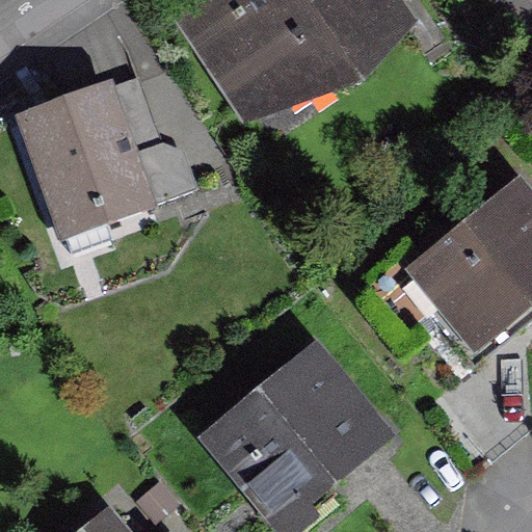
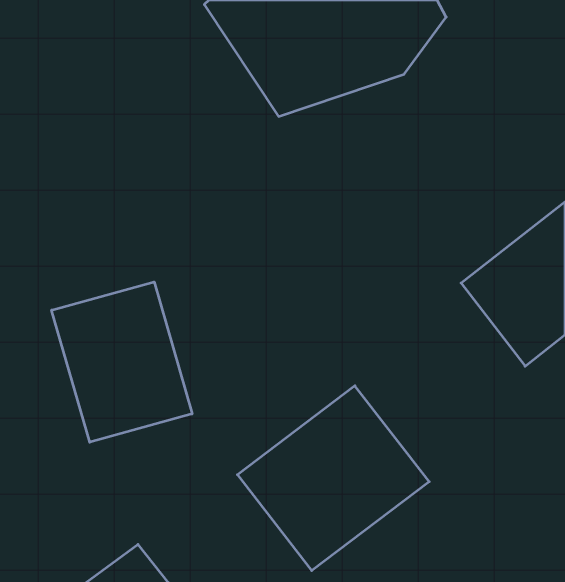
building: [32,73,169,238] -> none
building: none -> [52,282,192,442]

